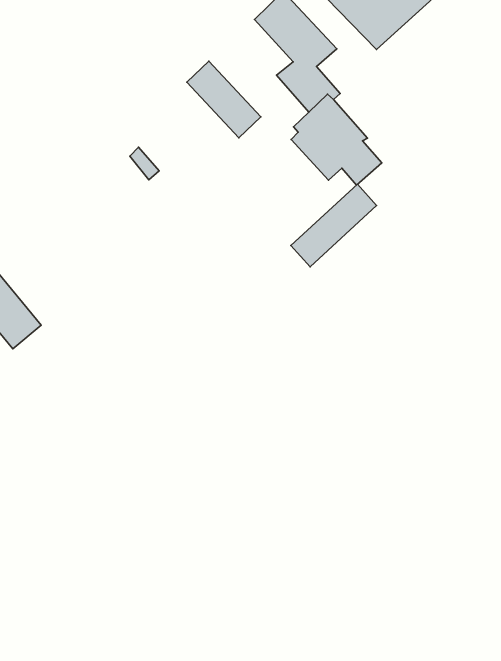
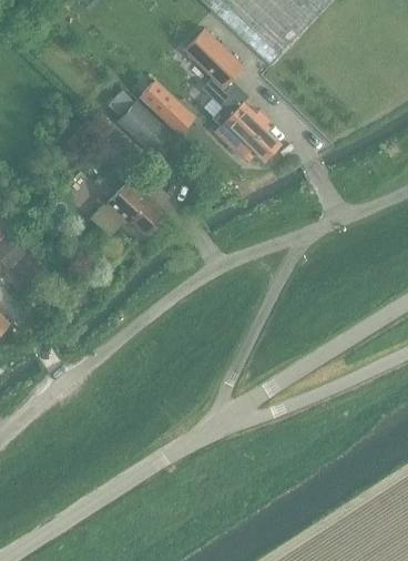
building: none -> [106,90,169,152]
building: [291,184,377,267] -> none
building: none -> [89,180,163,236]

